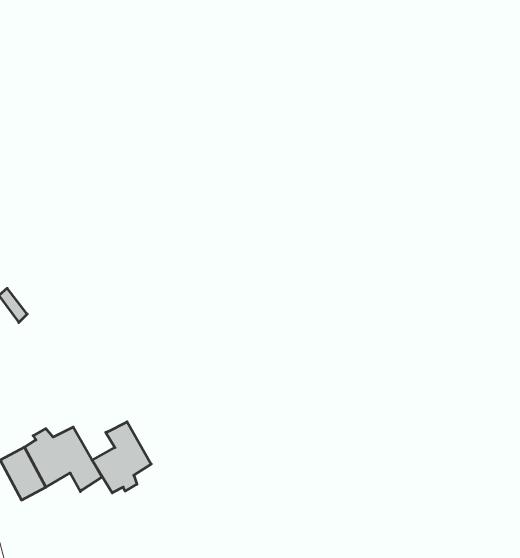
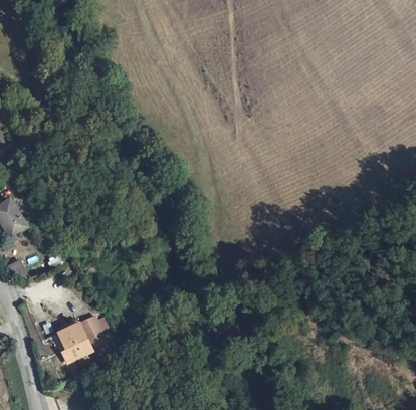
building: [92,422,151,493] -> none

